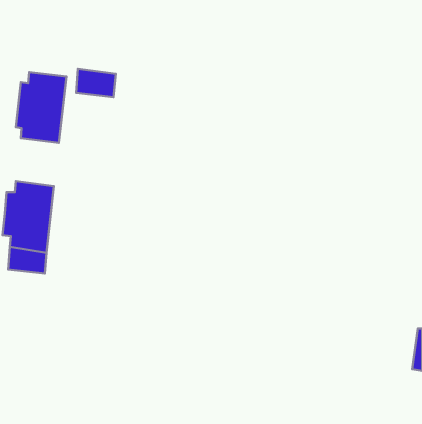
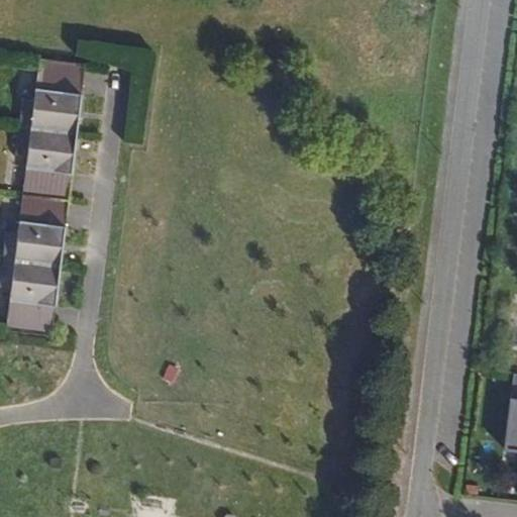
building: [76,69,116,97] -> [35,59,84,93]
building: none -> [19,168,72,226]

